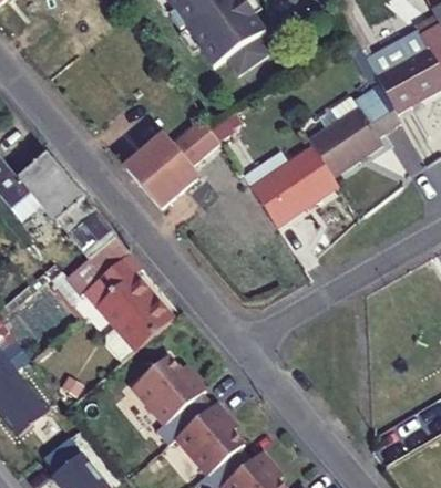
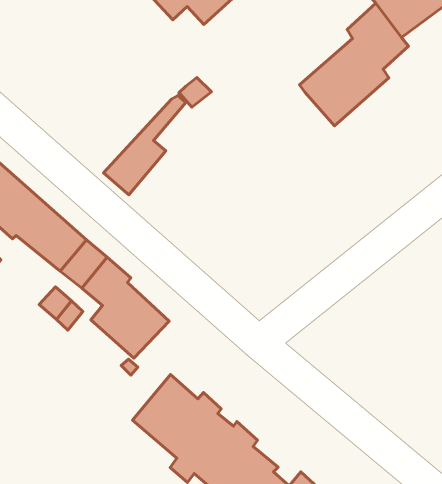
building: [123,120,209,184] -> none
building: [249,144,339,225] -> none

